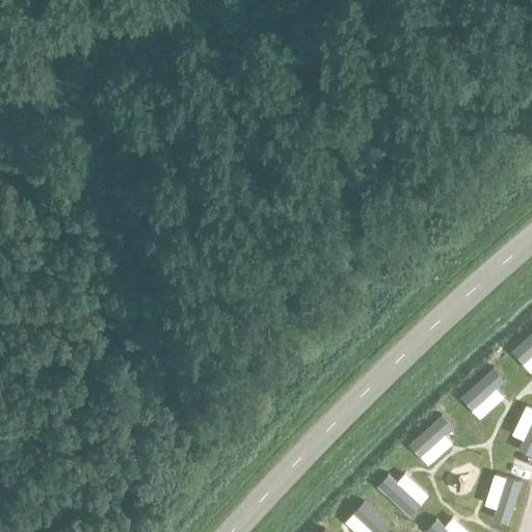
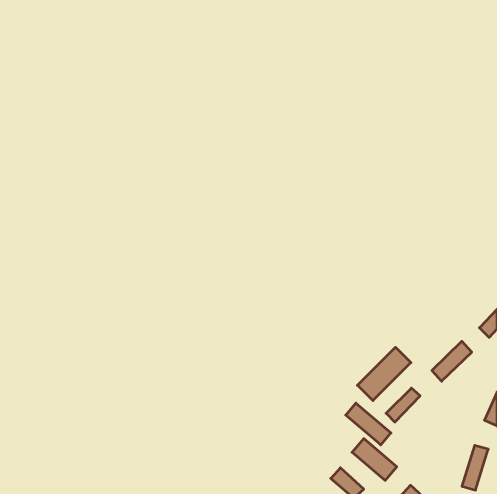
building: none -> [357,347,411,401]
building: none -> [346,403,391,445]

